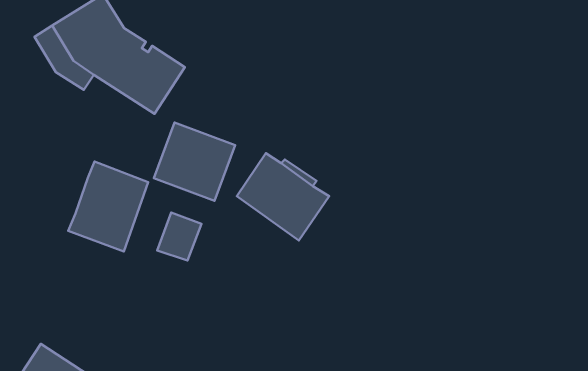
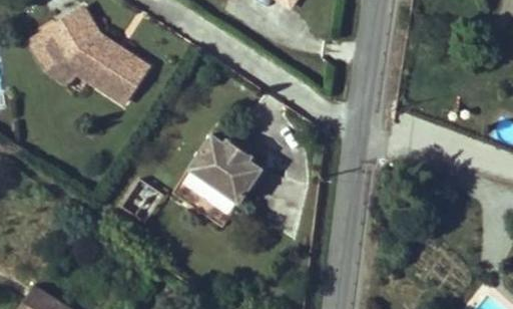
building: [154,122,235,201] -> none
building: [68,162,148,252] -> none

